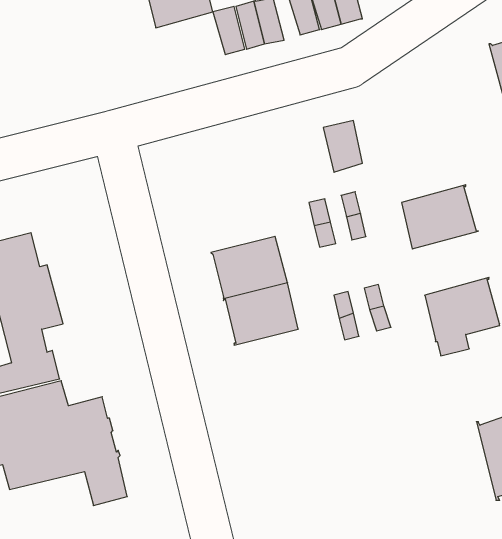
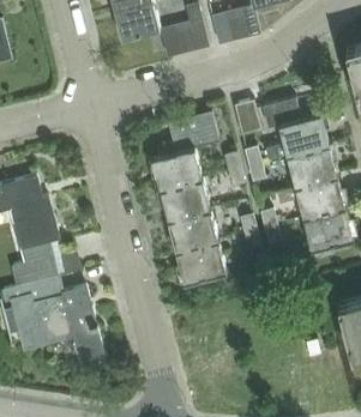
building: none -> [261,97,330,159]
building: none -> [151,110,219,188]
building: none -> [276,174,345,217]
building: none -> [174,240,227,283]

